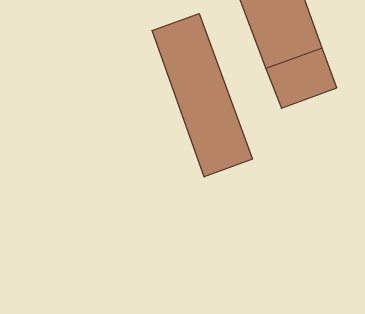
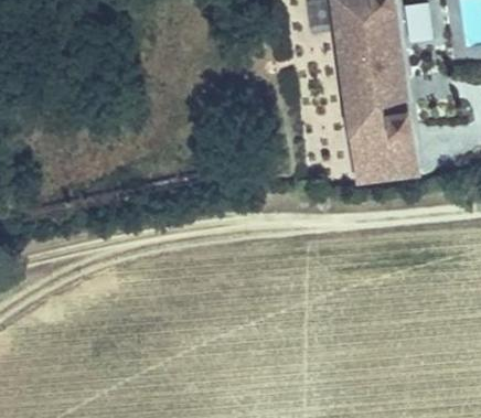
building: [152,14,253,177] -> none

